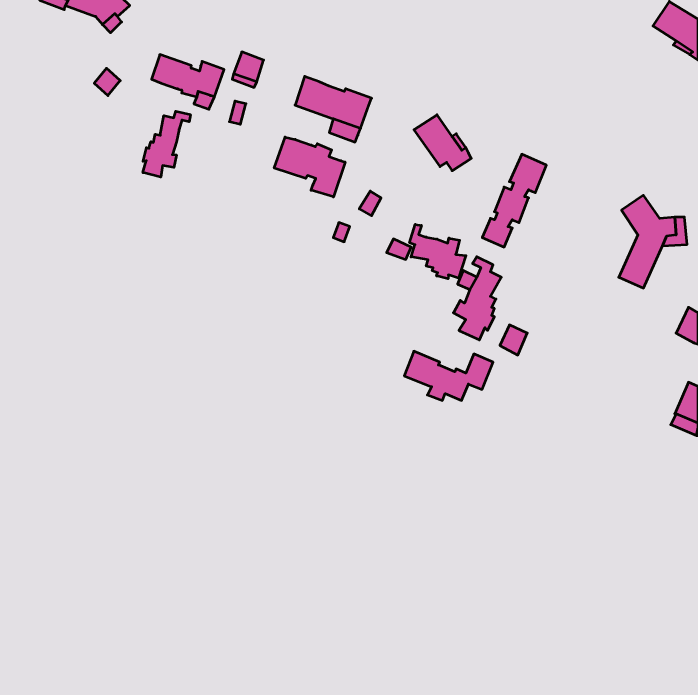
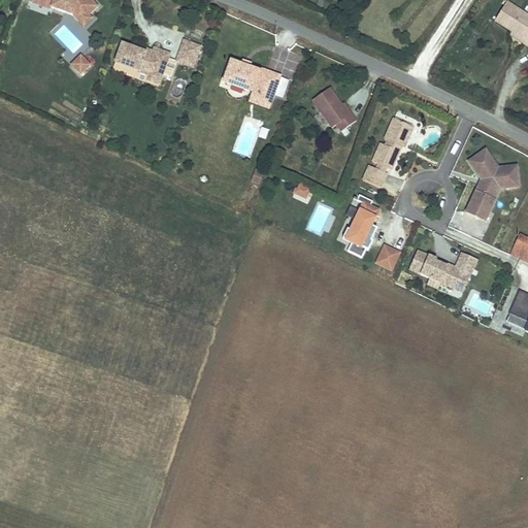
building: [143,111,190,177] -> none
building: [274,137,345,197] -> none
building: [410,224,466,279] -> none
building: [404,351,493,400] -> [409,250,476,287]

